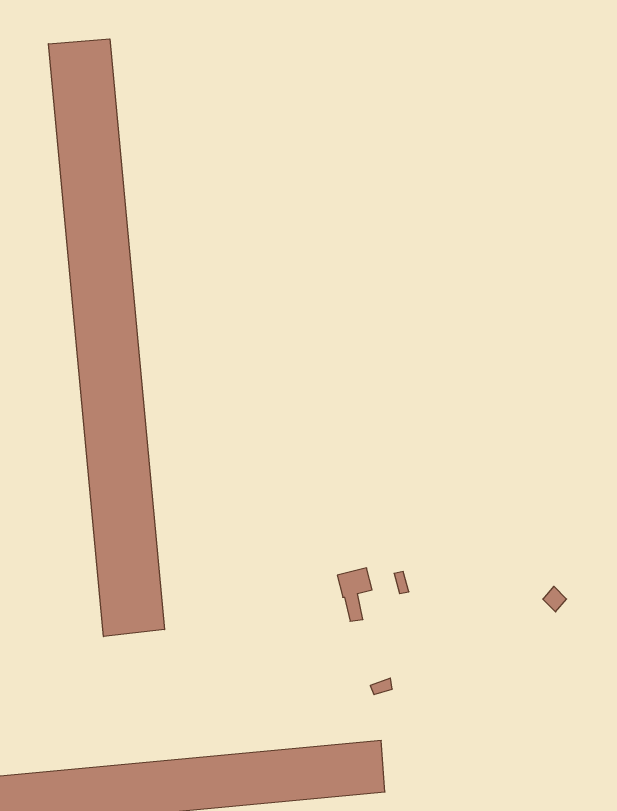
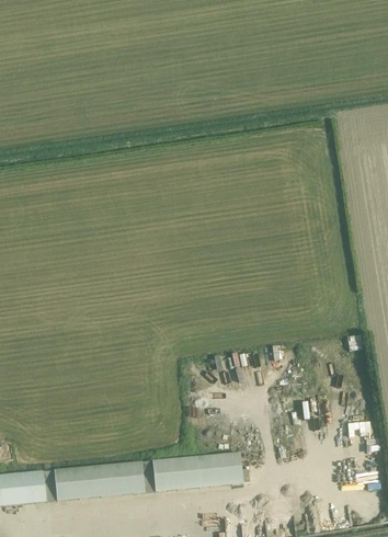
building: [48,39,165,637] -> none

